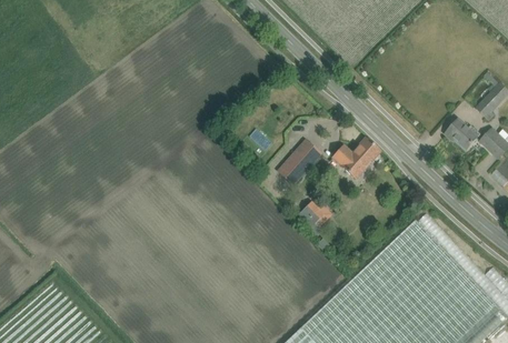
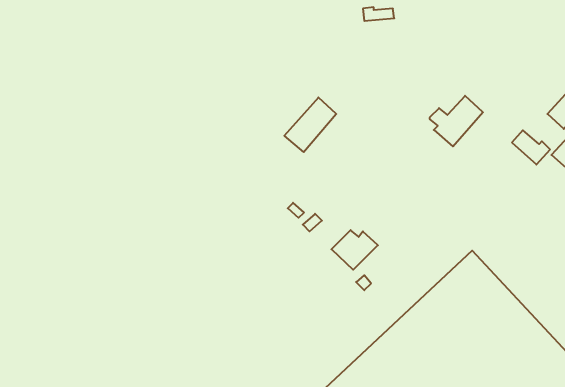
building: [337,139,380,180] -> [430,96,483,146]
building: [278,140,320,184] -> [284,97,336,152]

